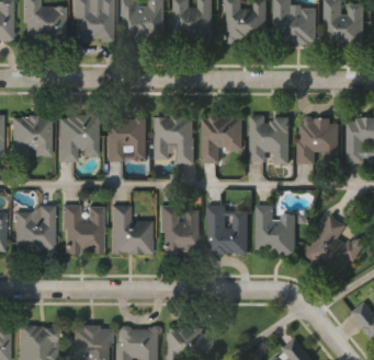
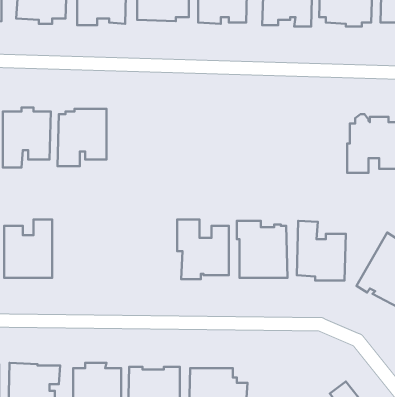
building: [203,113,242,161] -> none
building: [155,114,195,163] -> none
building: [250,114,288,163] -> none
building: [107,115,146,158] -> none
building: [60,202,102,253] -> none
building: [110,202,152,252] -> none

